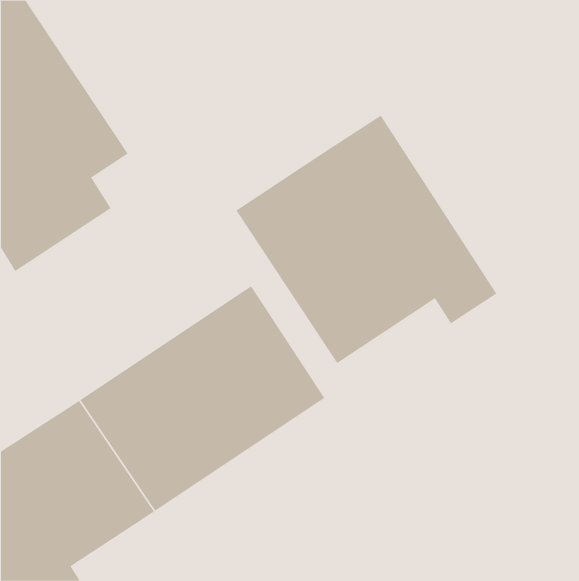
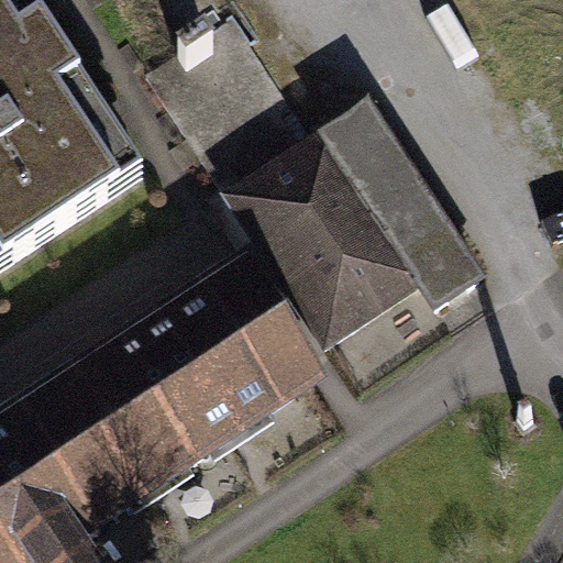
building: none -> [148,22,317,203]

